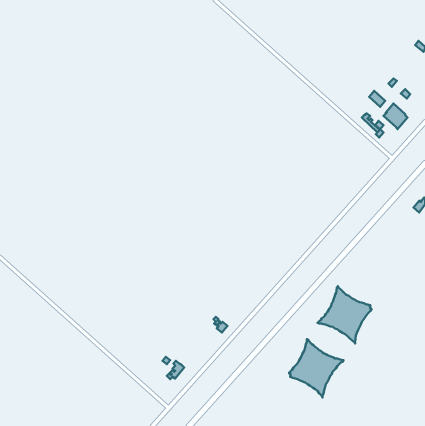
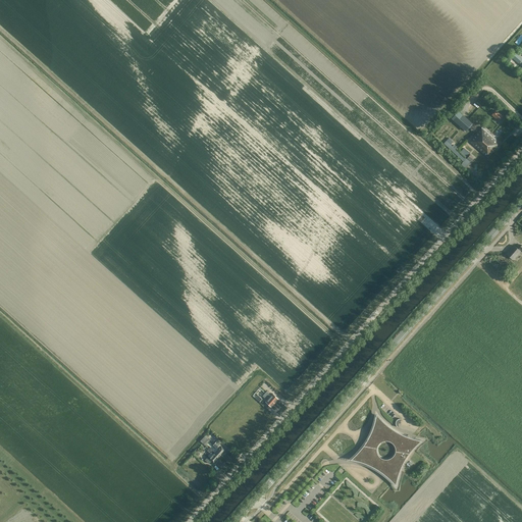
building: [318,286,372,344] -> none

